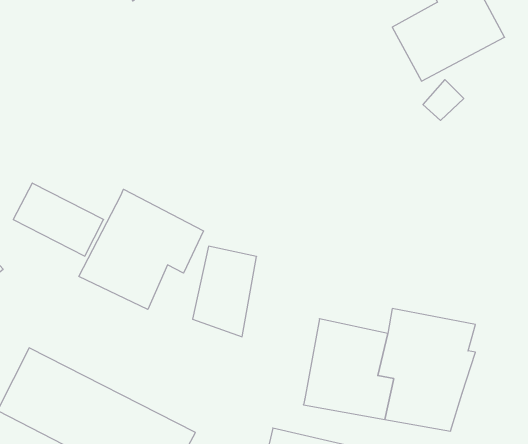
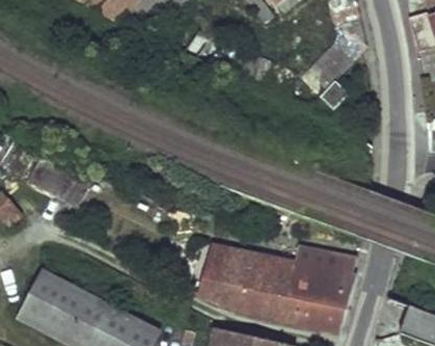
building: [79,189,203,309] -> none
building: [193,246,257,337] -> [200,243,246,308]

